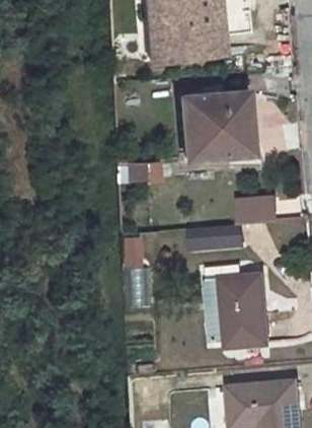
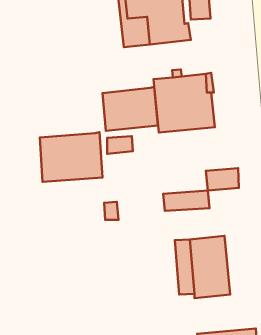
building: none -> [102,87,158,131]
building: none -> [40,132,103,182]

